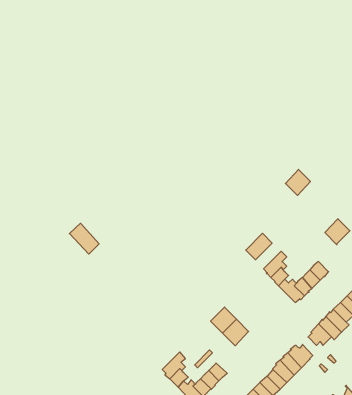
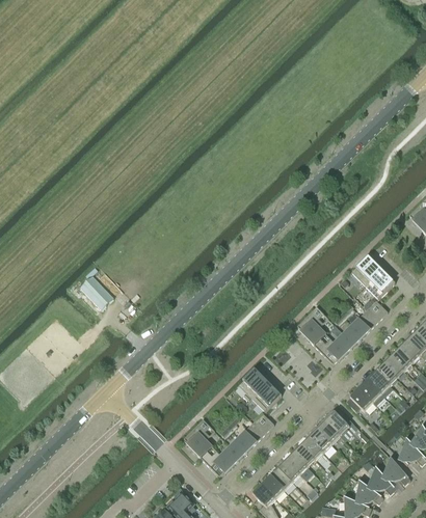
building: [285,169,310,195] -> [352,255,380,284]
building: [246,233,272,260] -> none
building: none -> [358,299,388,328]
building: none -> [244,411,274,441]

